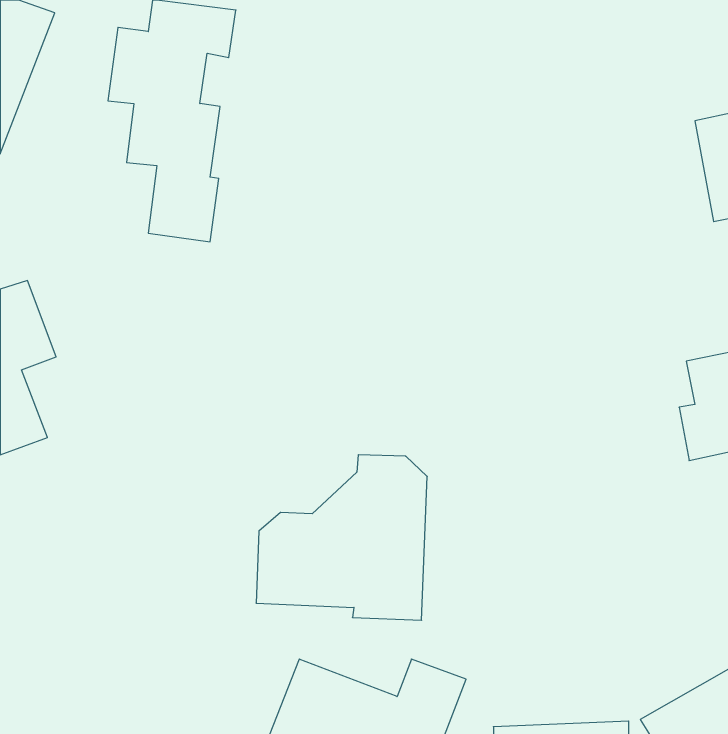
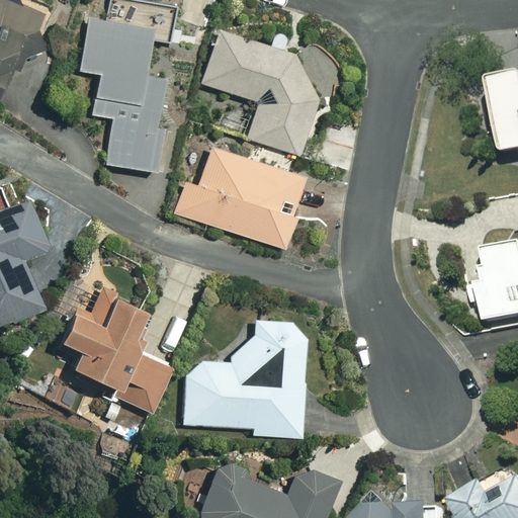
building: none -> [205,31,318,154]
building: none -> [172,144,304,247]
building: none -> [57,293,170,411]

